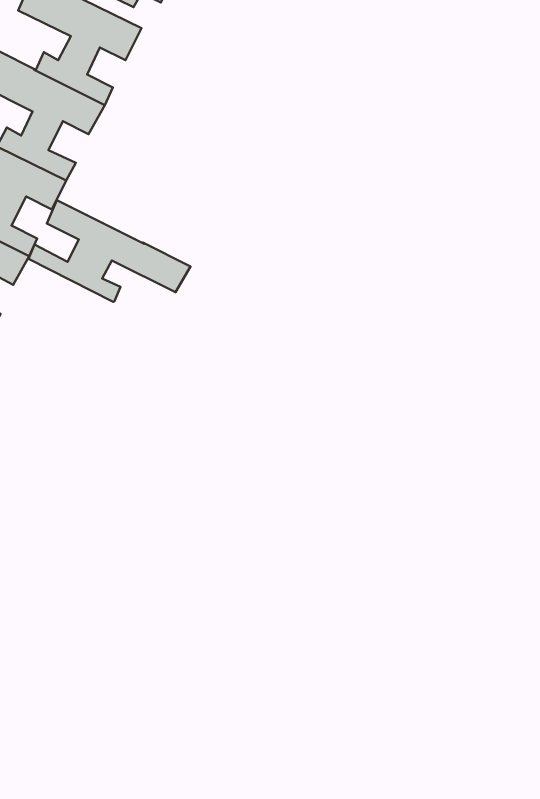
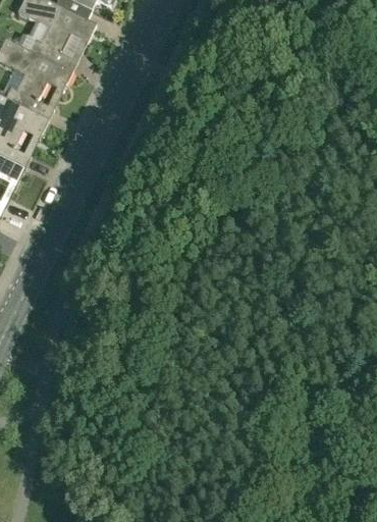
building: [28,200,191,302] -> none

